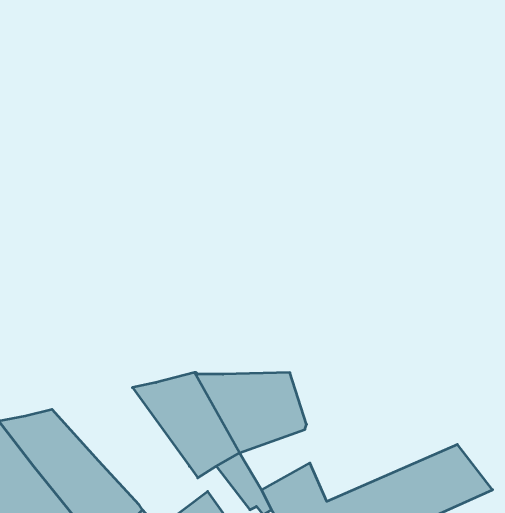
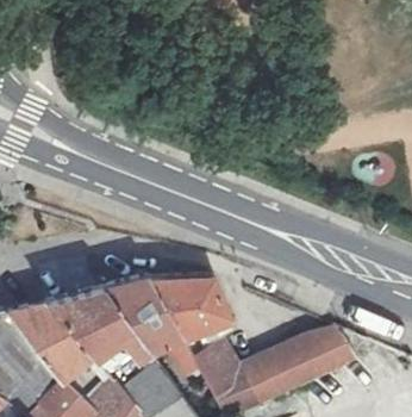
building: none -> [46,288,144,372]

